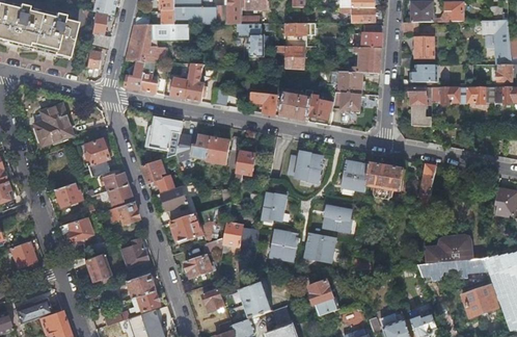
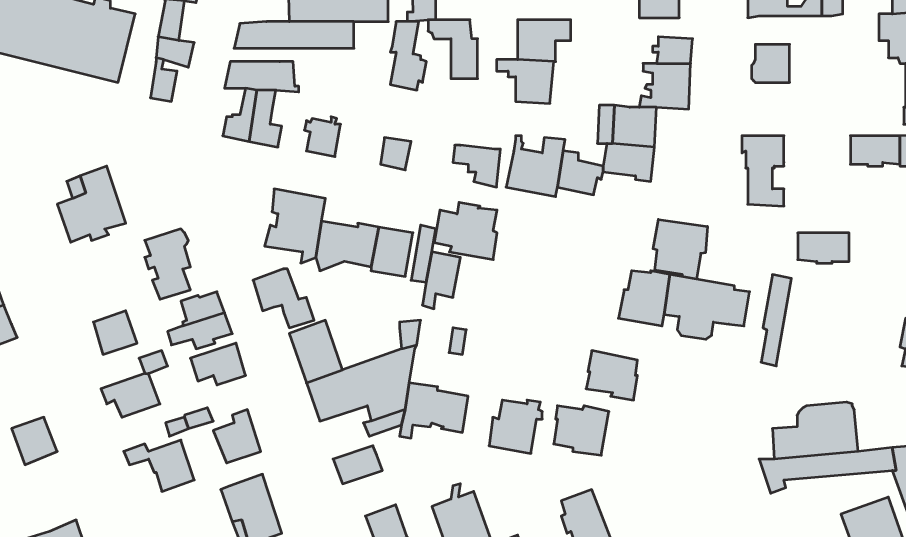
building: [186,63,206,101] -> [390,22,426,90]
building: [410,63,437,81] -> none
building: [431,86,459,103] -> [798,233,849,263]
building: none -> [653,219,707,279]
building: [285,150,320,181] -> [434,202,497,260]
building: [261,191,285,221] -> none

